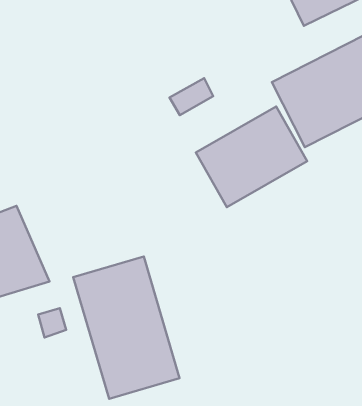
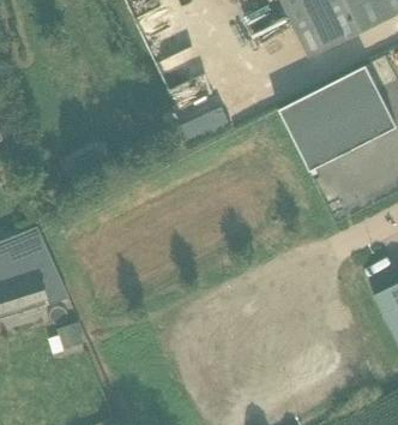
building: [196,107,307,207] -> none
building: [73,256,180,399] -> none

